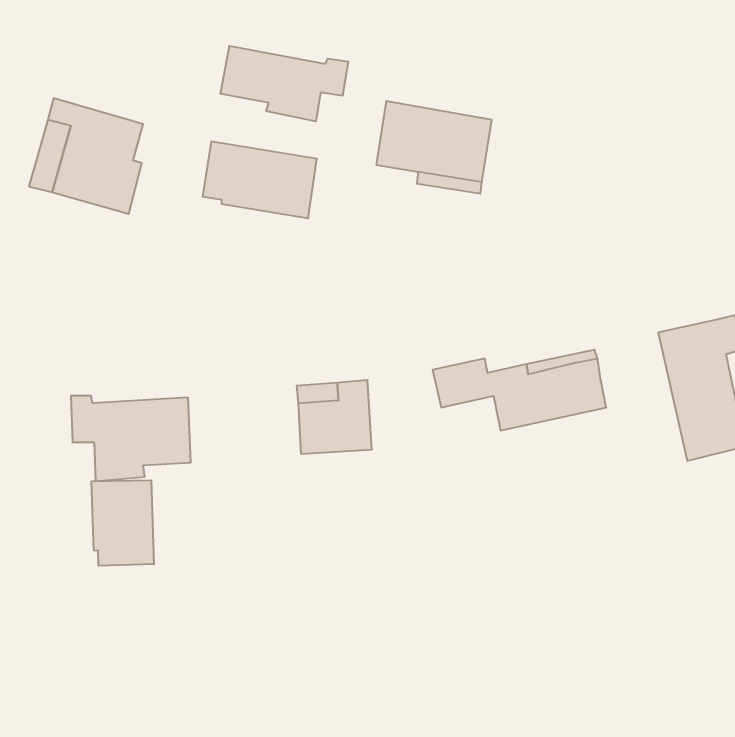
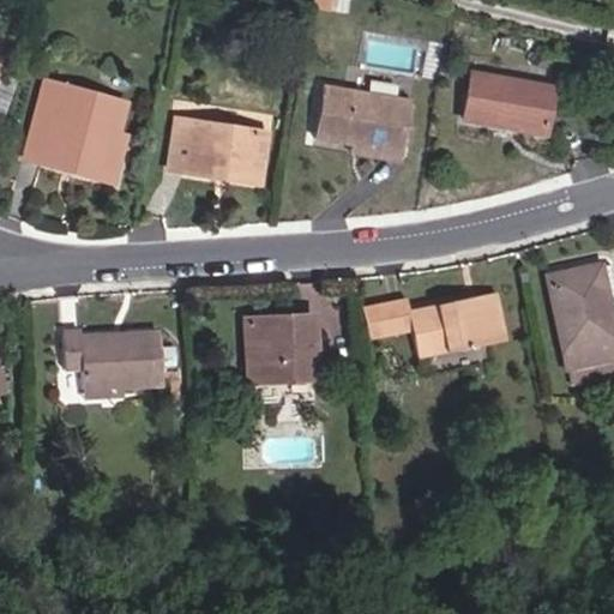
building: [221,46,348,121] -> none
building: none -> [463,71,552,133]
building: [92,480,154,566] -> none

